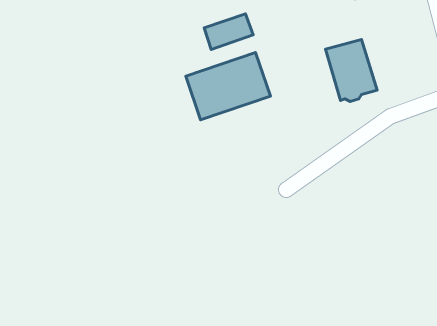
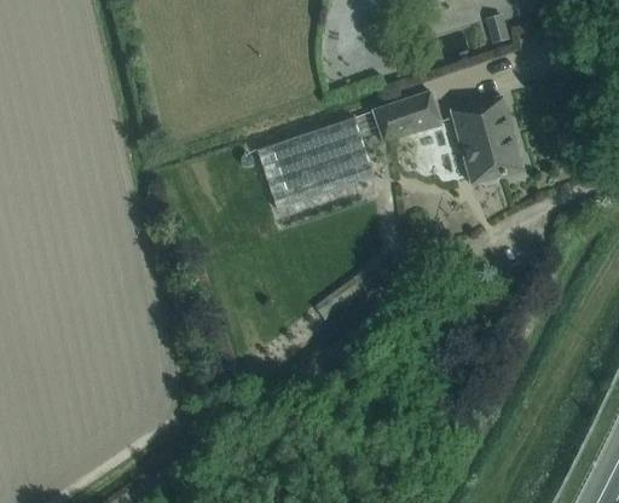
building: [204,14,253,50] -> [374,92,441,141]

